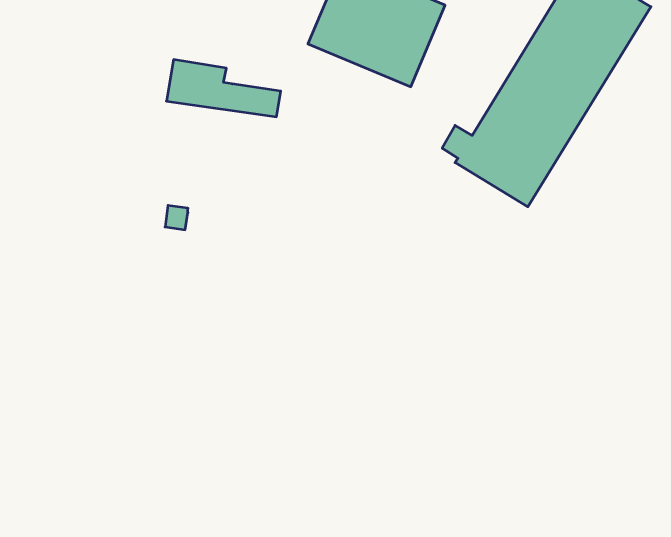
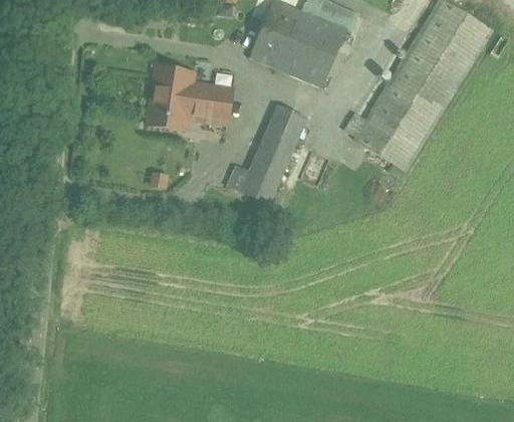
building: none -> [148,95,229,129]
building: none -> [228,106,306,202]

